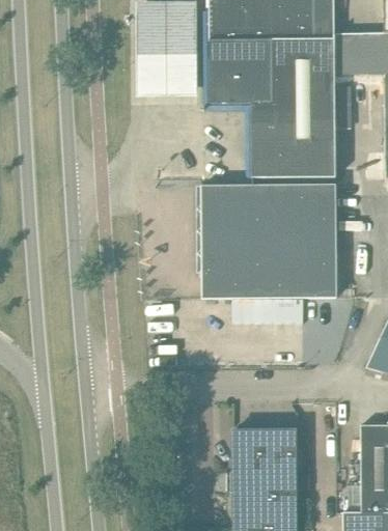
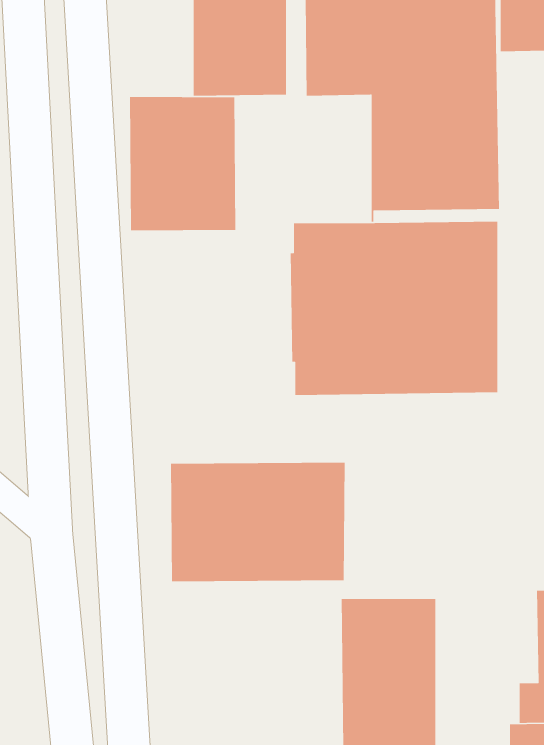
building: none -> [129,96,236,231]
building: none -> [170,462,346,582]

